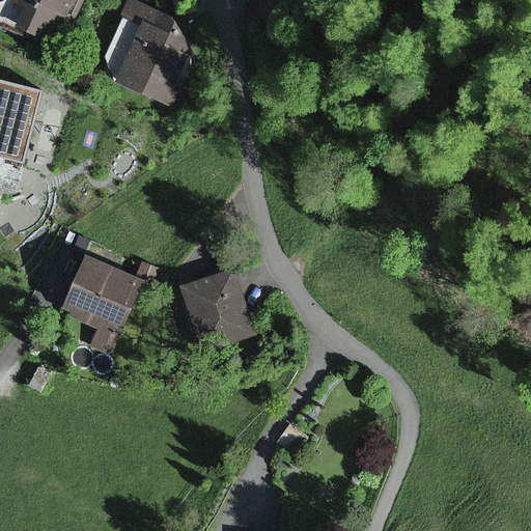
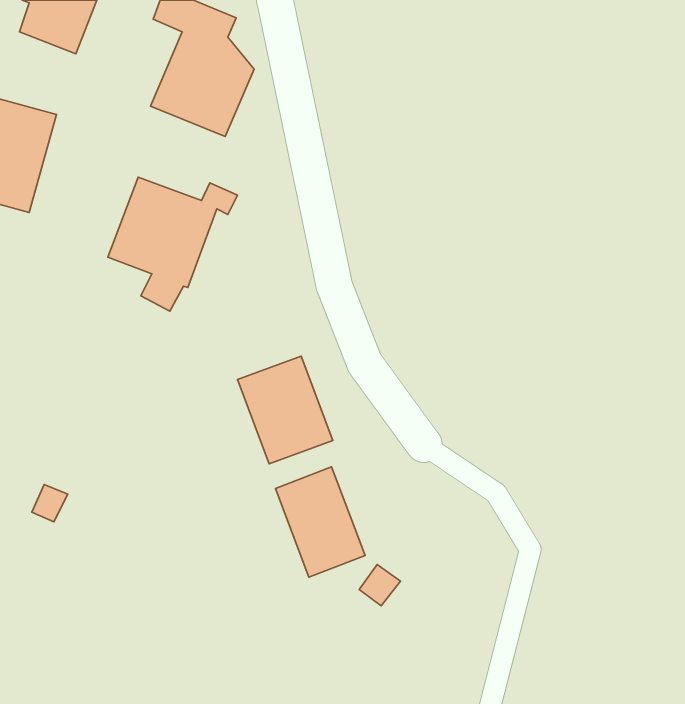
building: [59,255,157,356] -> [108,177,238,311]
building: none -> [275,467,365,577]

